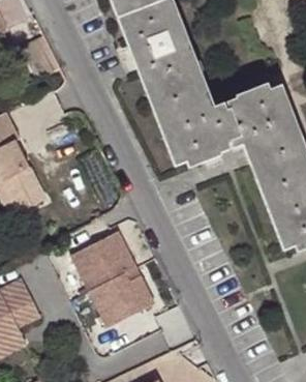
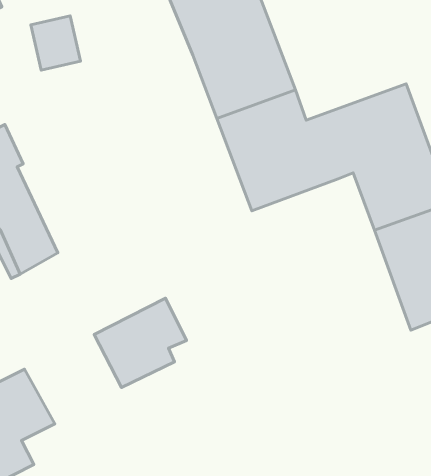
building: [87,272,153,325] -> none

